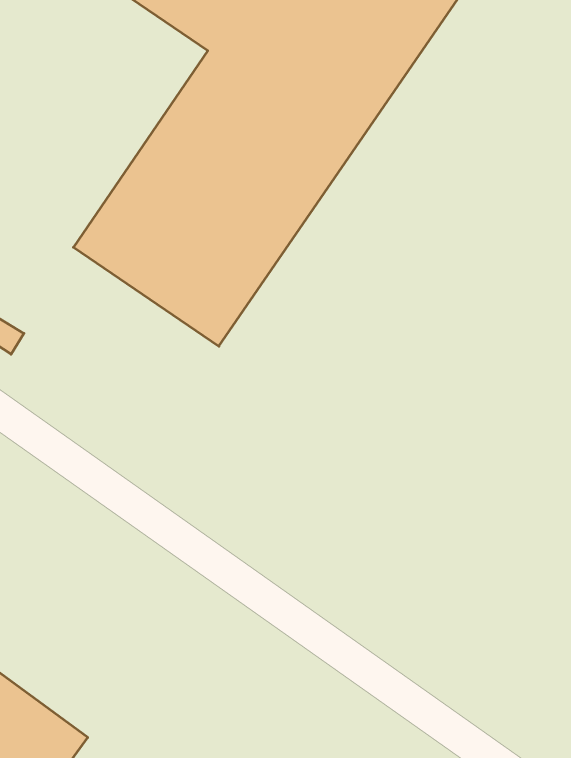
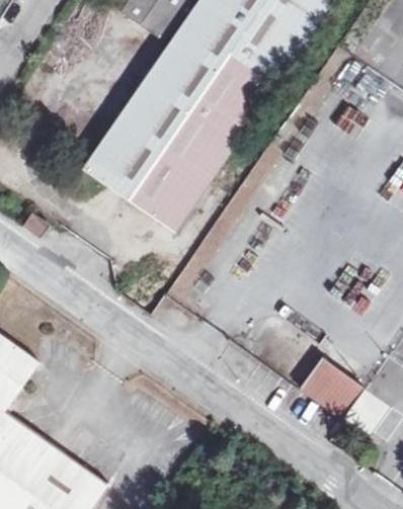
building: none -> [298,359,356,416]

